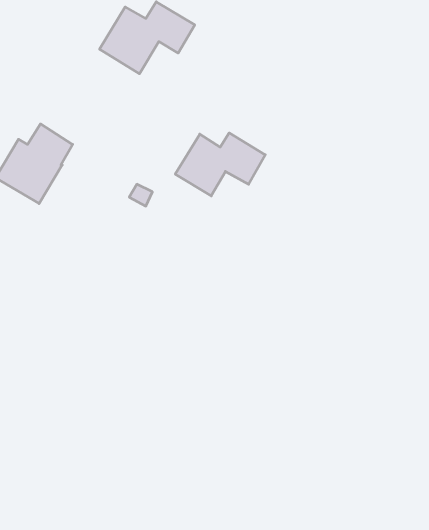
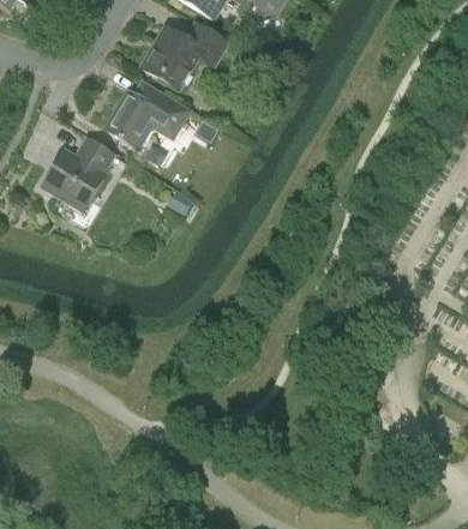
building: [175,133,265,196] -> [104,89,188,148]

